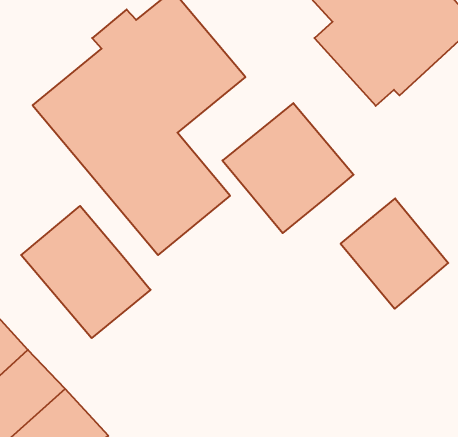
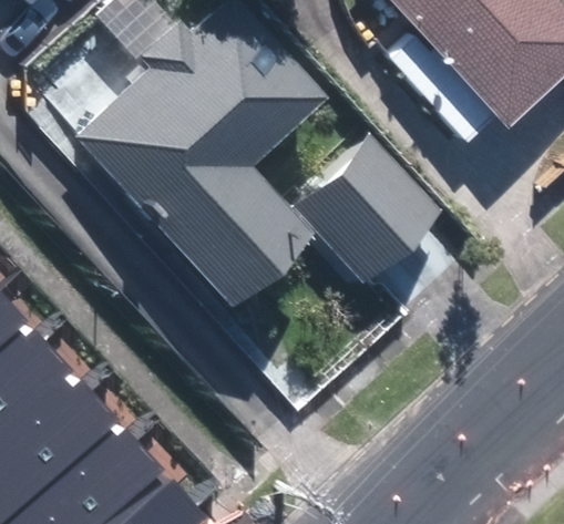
building: [341,198,448,309] -> none
building: [21,206,151,338] -> none

